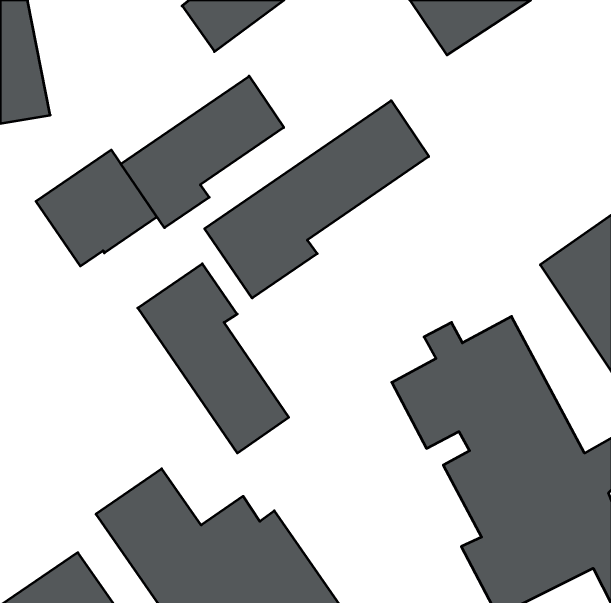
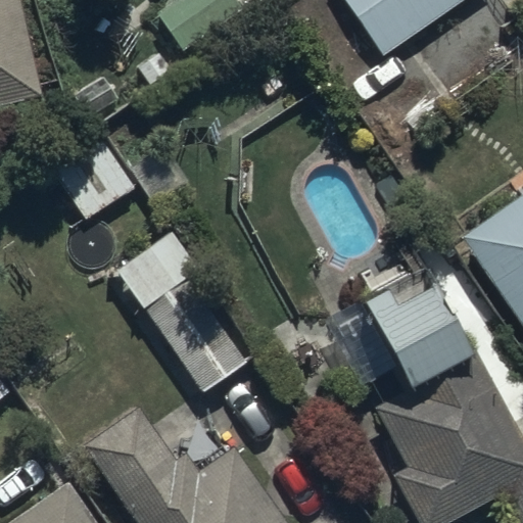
building: [121,76,284,228] -> none
building: [205,101,429,298] -> none

